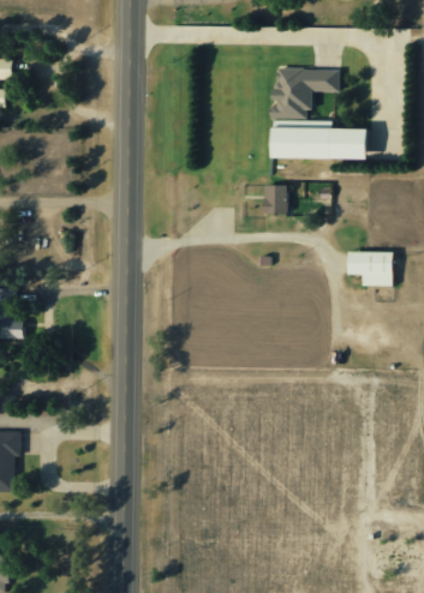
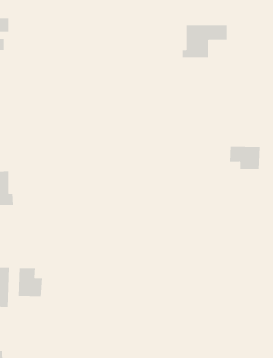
building: [273,126,377,160] -> none
building: [267,185,289,214] -> none
building: none -> [18,267,42,297]

